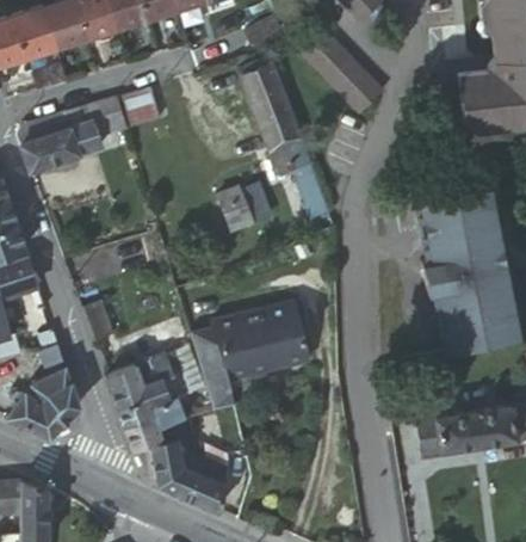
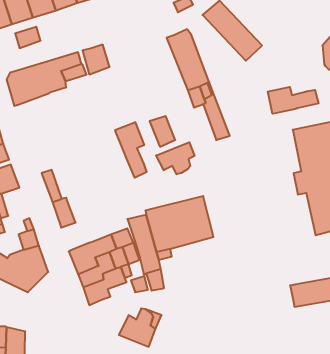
building: none -> [268,87,319,114]
building: none -> [115,122,147,178]
building: none -> [156,142,194,174]
building: [151,436,208,494] -> none

